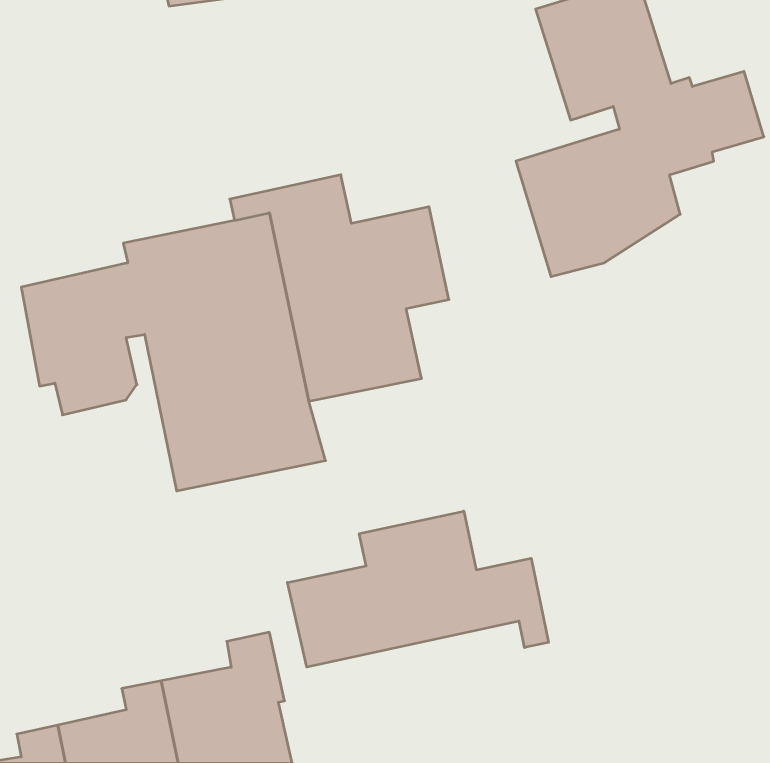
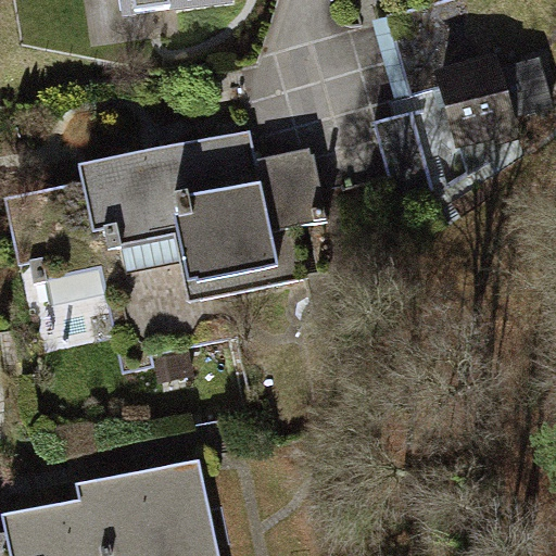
building: [287,511,549,667] -> none

